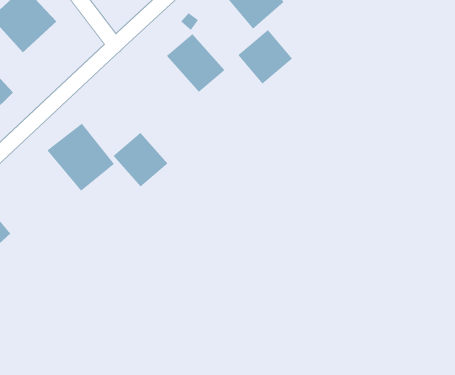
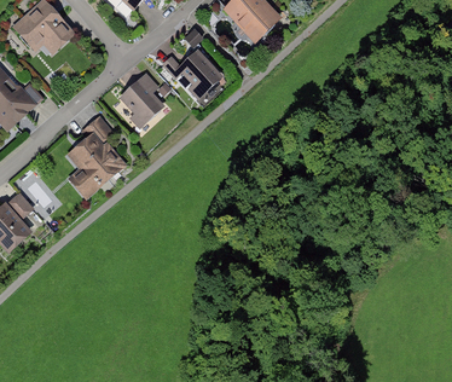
building: [238,29,293,84] -> none
building: [113,132,168,187] -> [116,73,167,123]

